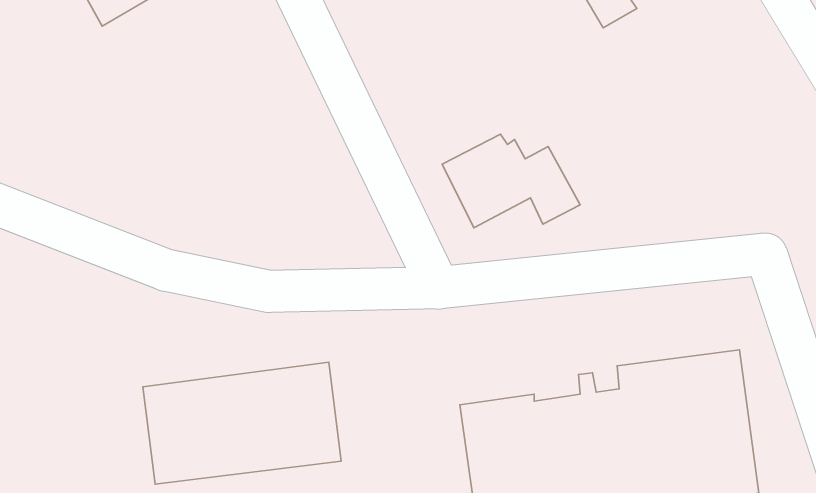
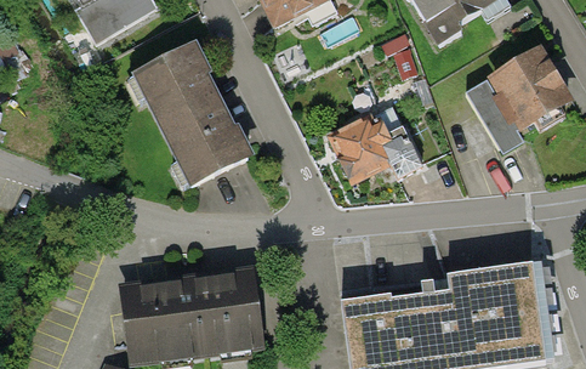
building: none -> [137,46,248,182]
building: none -> [467,50,567,146]

